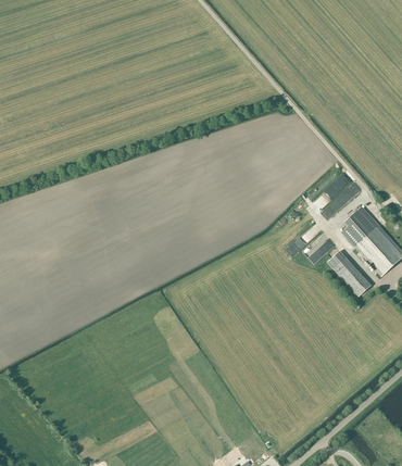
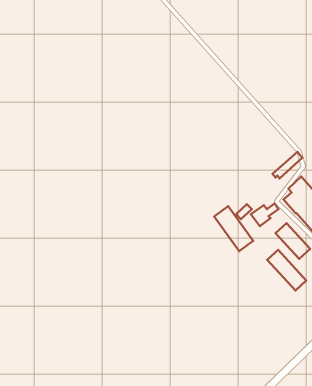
building: none -> [214,206,253,251]
building: none -> [267,250,306,291]

